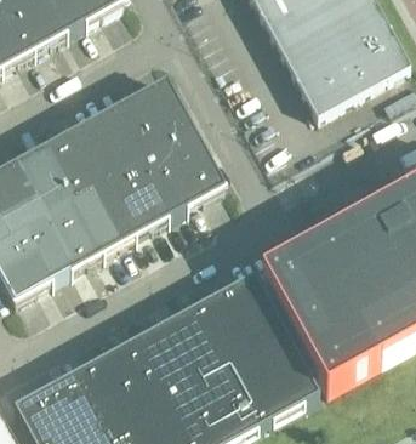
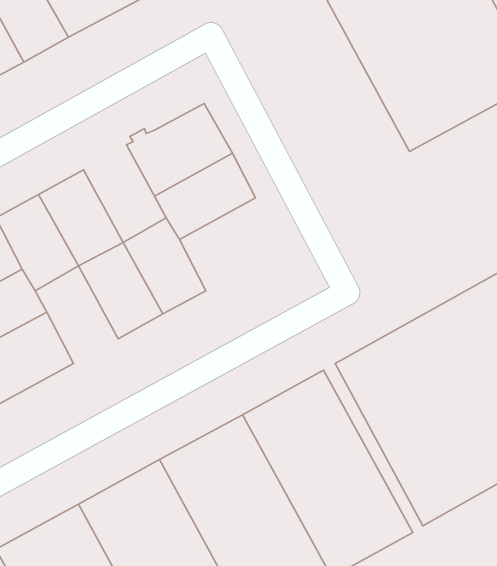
building: [76,108,137,180] -> none
building: [147,147,223,215] -> none
building: [41,197,102,268] -> none

